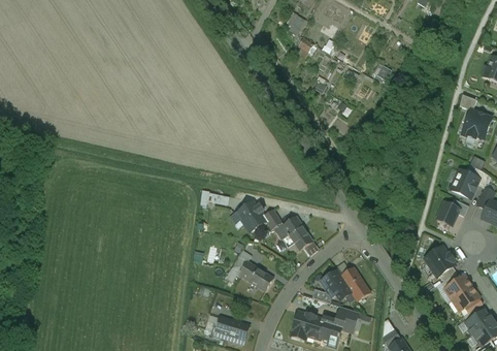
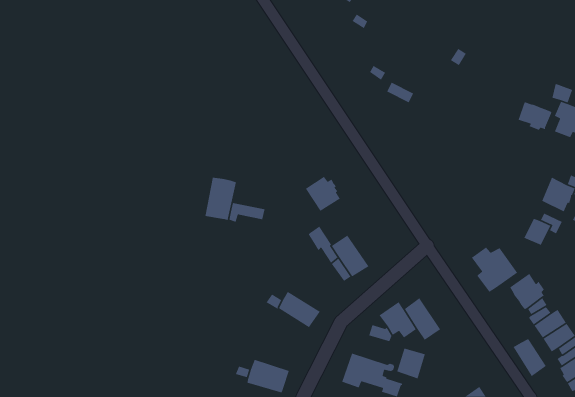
building: none -> [518,101,552,131]
building: none -> [205,177,237,221]
building: [237,202,266,231] -> [305,176,341,212]
building: none -> [471,246,518,293]
building: none -> [512,338,547,377]

